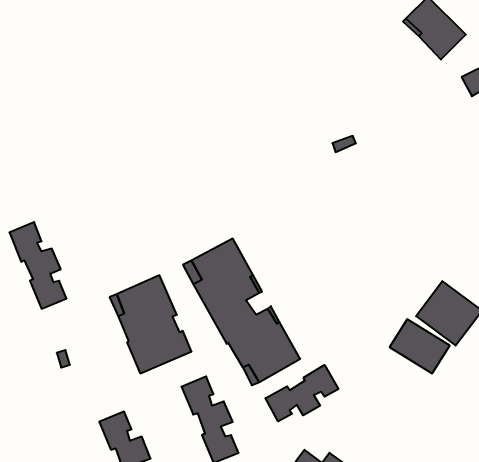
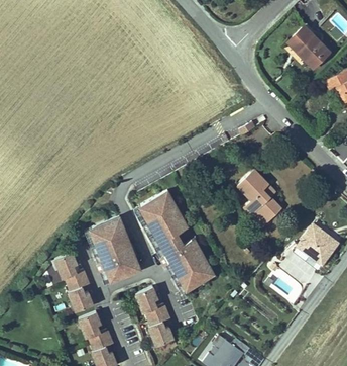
building: none -> [236,167,281,226]
building: [9,222,67,309] -> [54,252,94,311]
building: [265,365,338,421] -> none

